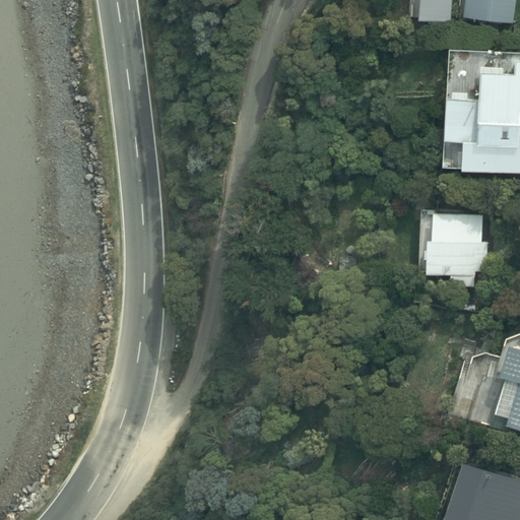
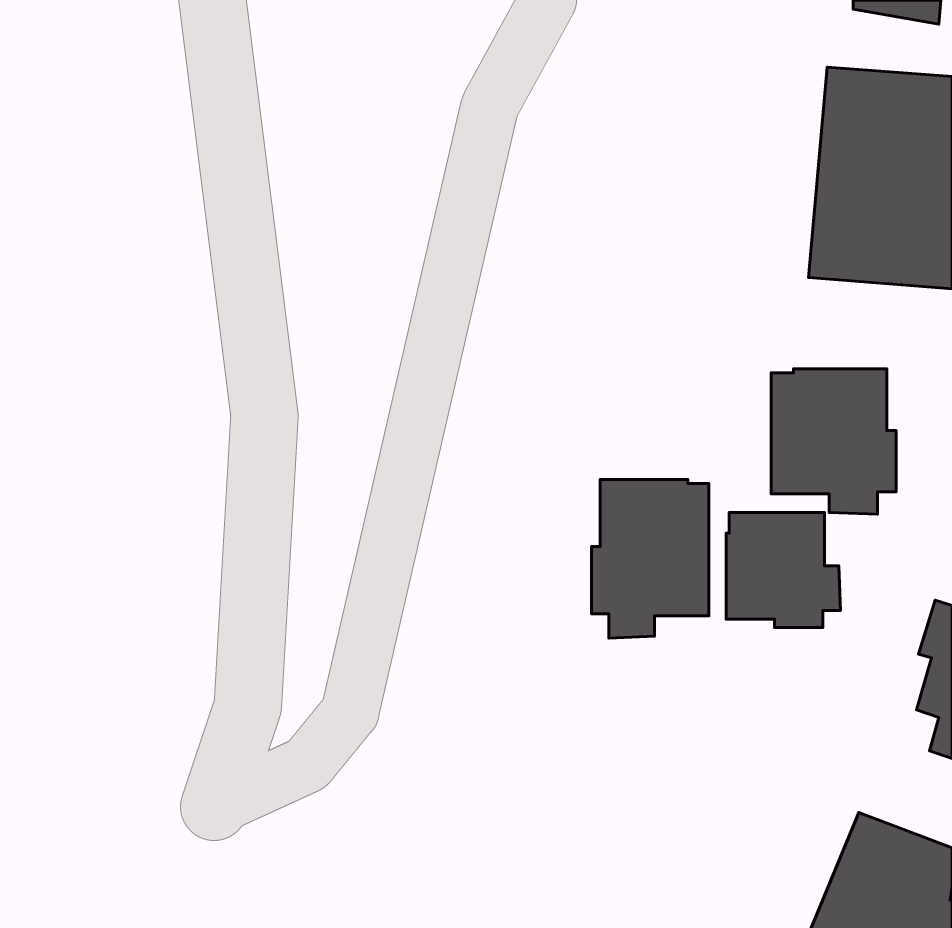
building: none -> [591,479,709,638]
building: none -> [726,512,840,628]

